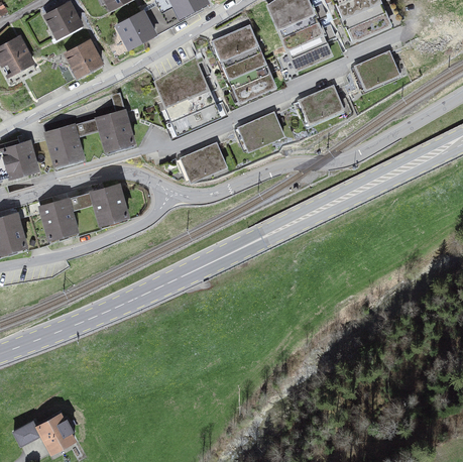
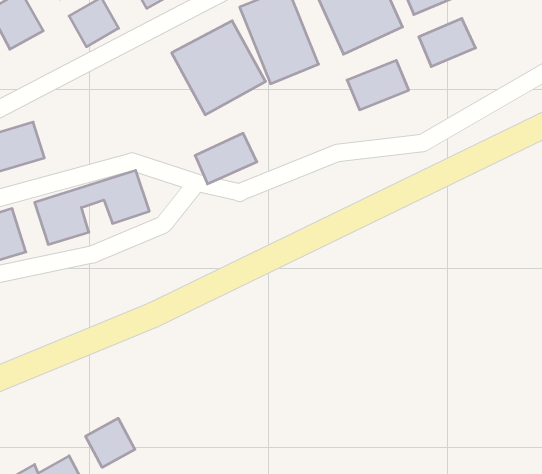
building: [43,107,137,167] -> none
building: [231,115,279,156] -> none
building: none -> [86,418,135,467]

